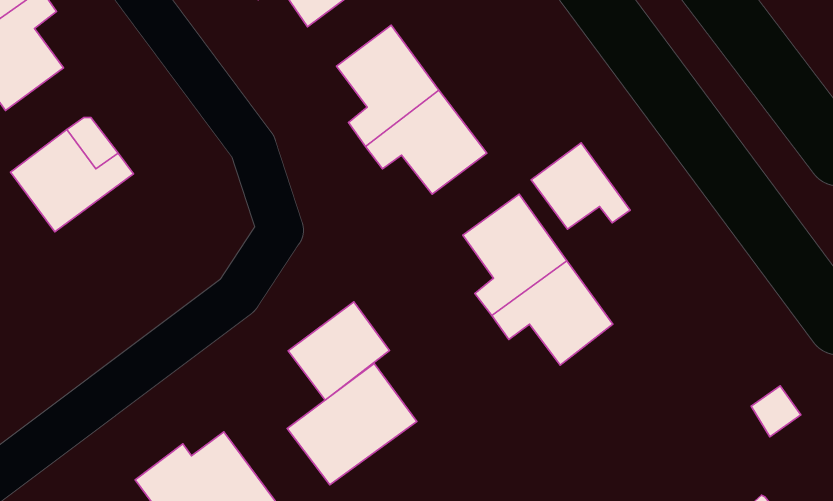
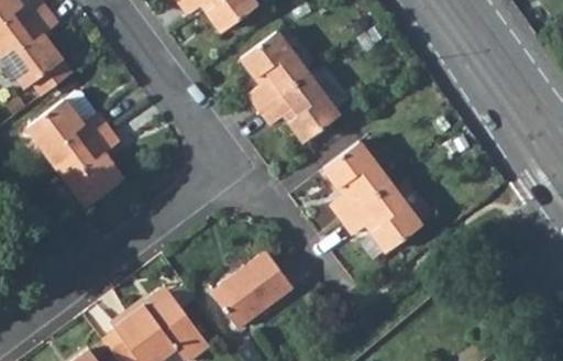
building: [531,143,630,229] -> none
building: none -> [58,129,125,207]
building: [288,302,390,400] -> none

